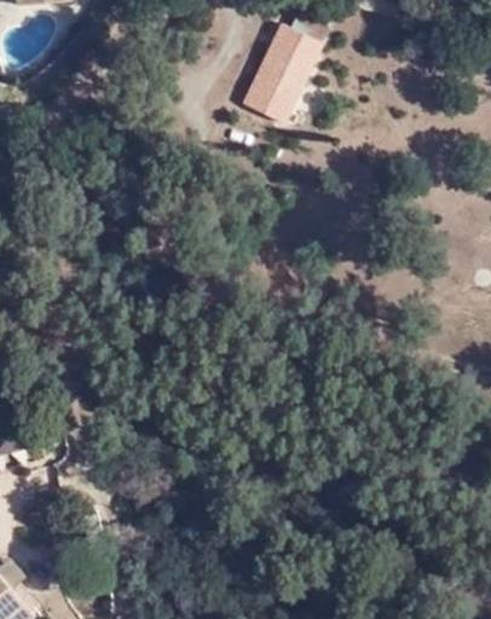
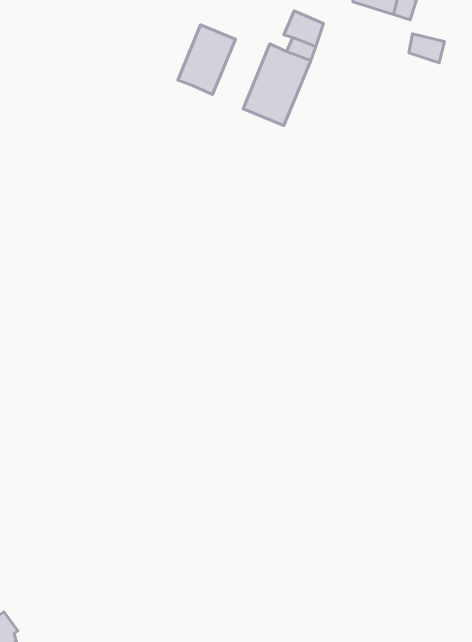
building: none -> [178,25,235,95]

